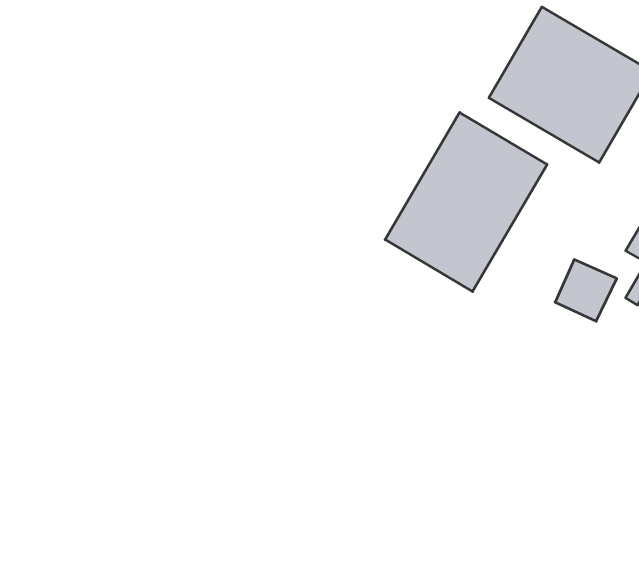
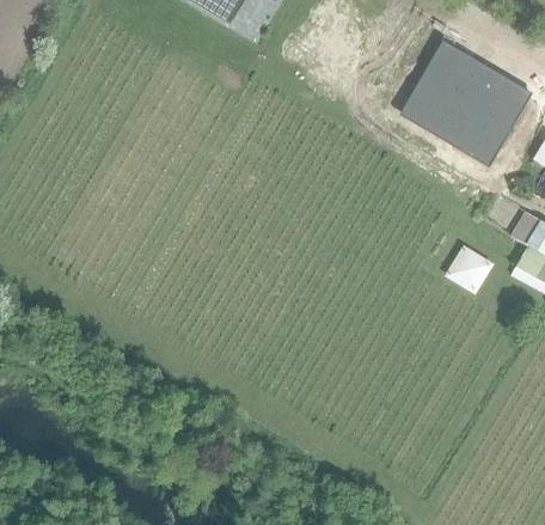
building: [385,112,547,292] -> none

